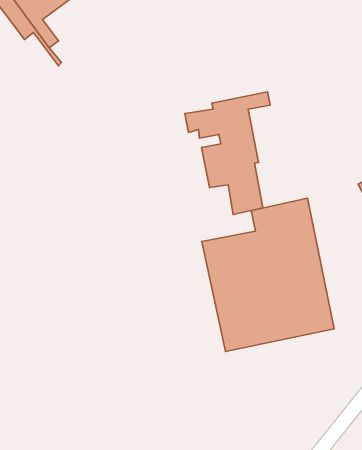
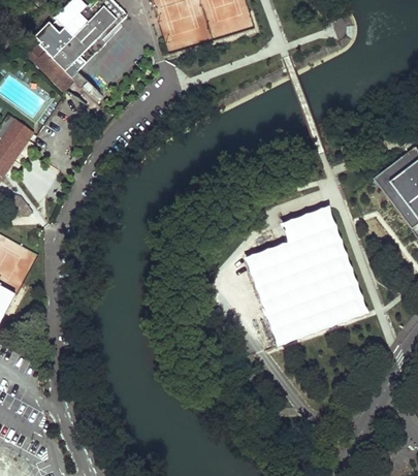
building: [185,92,270,214] -> none

